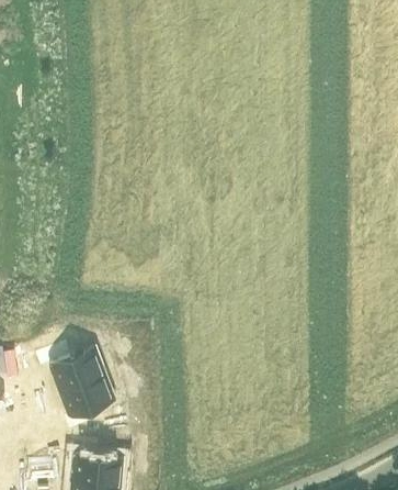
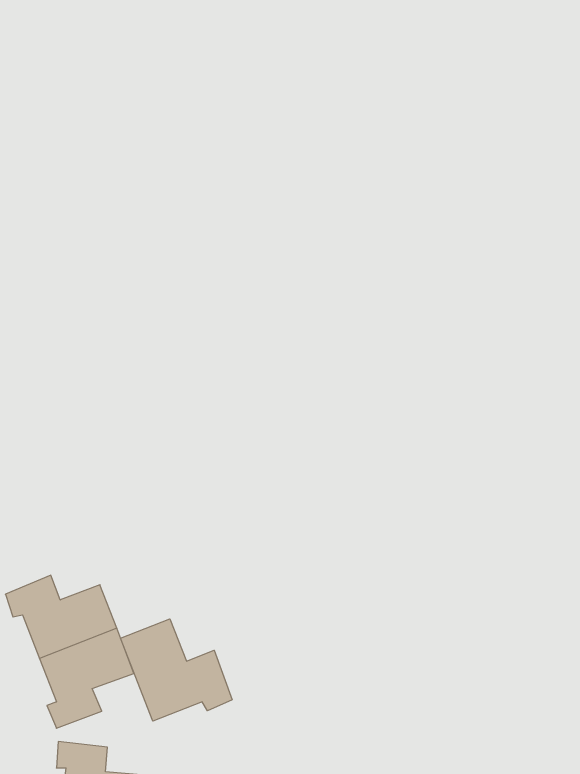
building: none -> [121,619,232,721]

